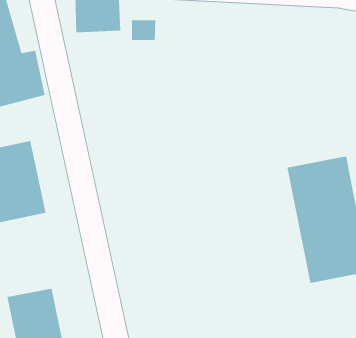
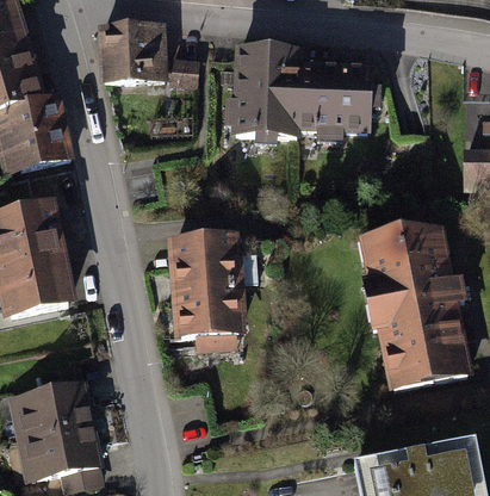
building: none -> [236,52,367,136]
building: none -> [169,241,240,335]

